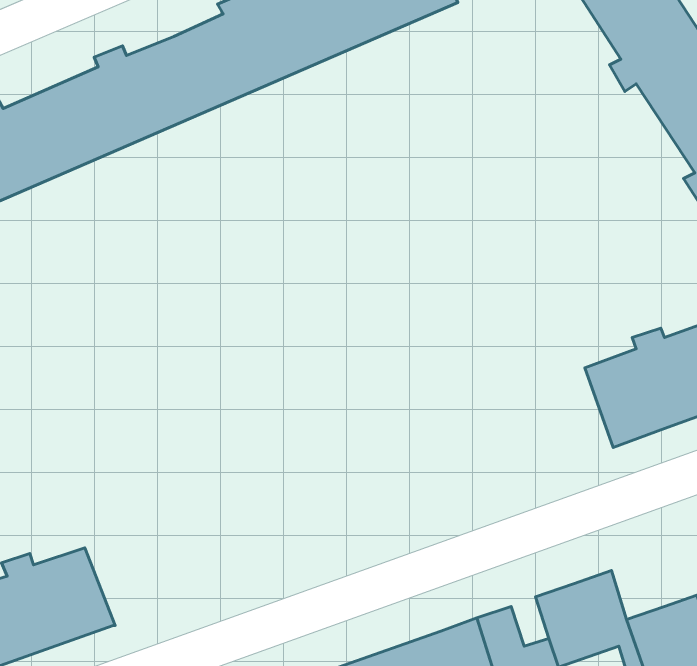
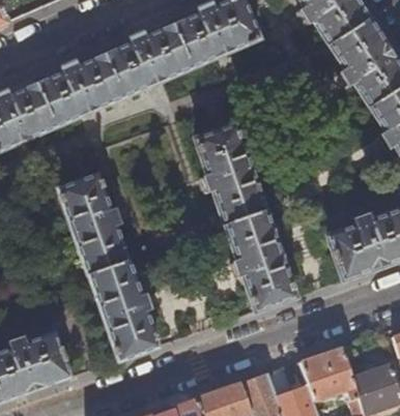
building: none -> [197,126,297,311]
building: none -> [59,175,160,360]

